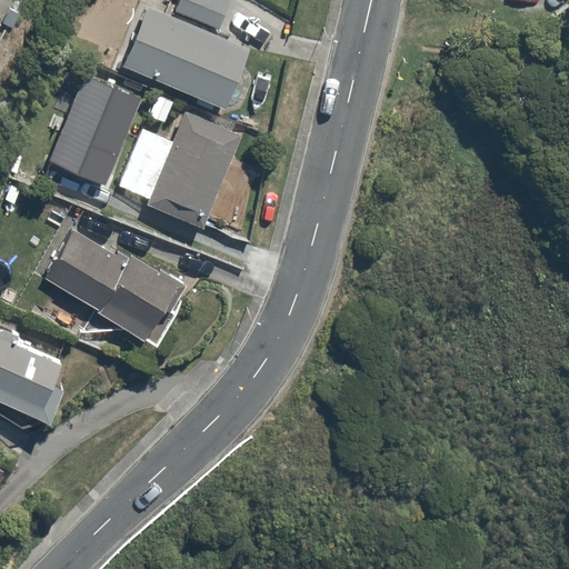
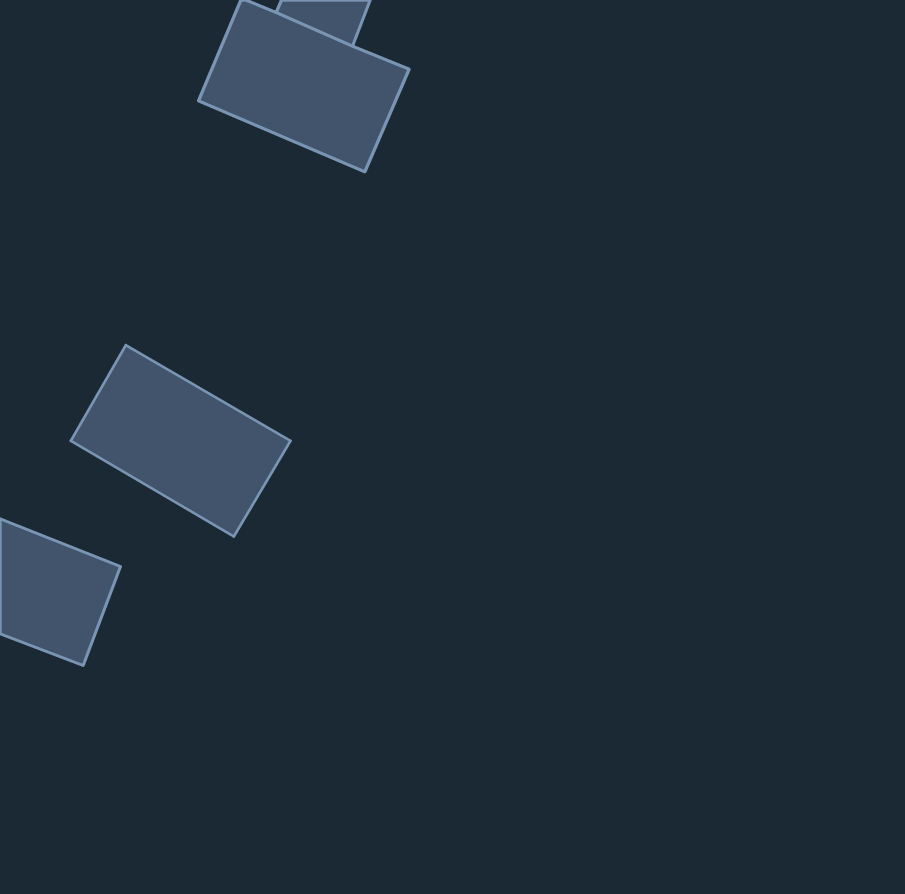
building: [48,72,139,183] -> none
building: [118,113,240,227] -> none

